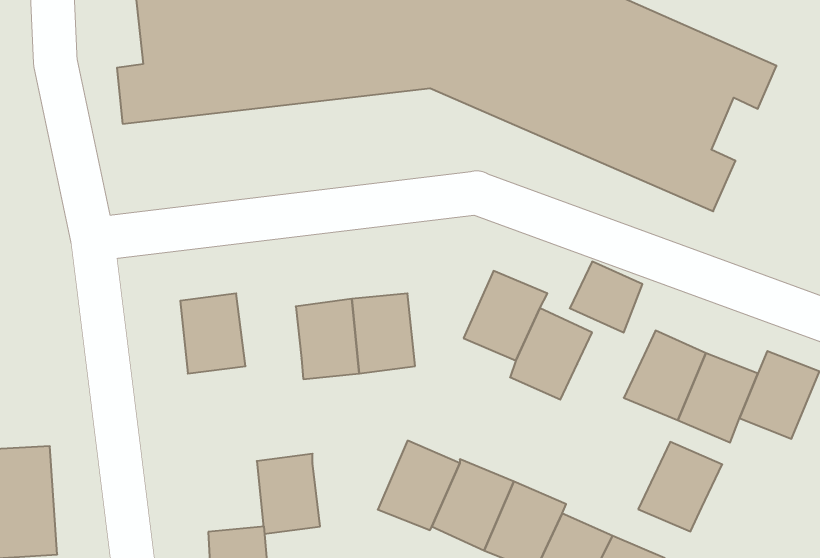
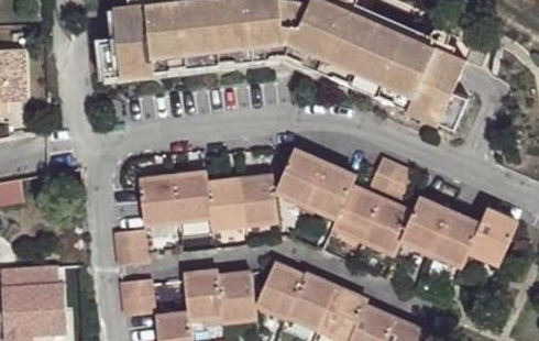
building: none -> [276,150,325,204]
building: none -> [173,174,211,220]
building: none -> [114,229,150,267]
building: [638,442,722,531] -> [364,200,414,253]
building: none -> [218,274,256,321]
building: none -> [120,279,155,317]

